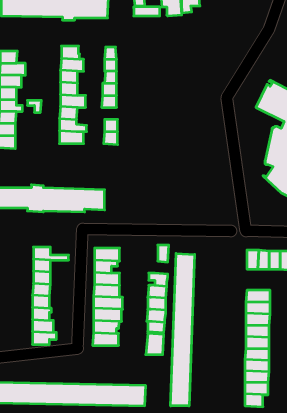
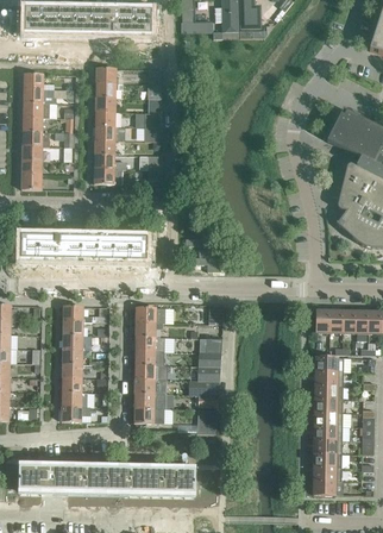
building: [171,253,195,406] -> none

